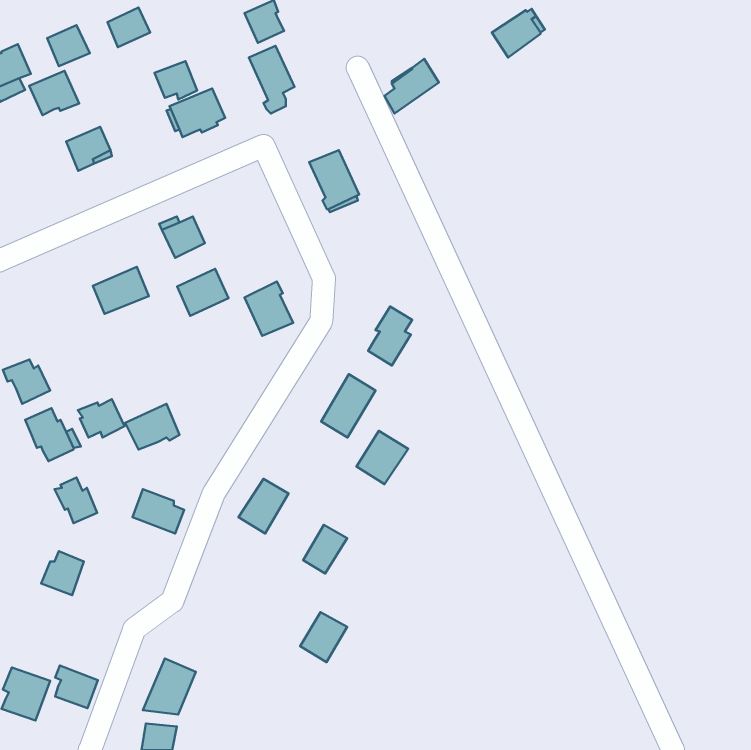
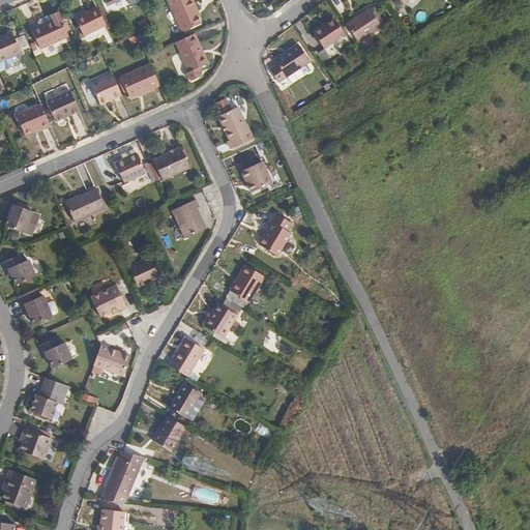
building: none -> [312,18,344,47]
building: [155,61,197,99] -> [90,73,120,100]
building: [29,71,79,115] -> [14,102,50,134]
building: none -> [241,160,271,188]
building: [177,269,229,316] -> [153,146,189,179]
building: none -> [5,202,32,231]
building: none -> [128,255,159,283]
building: [78,399,125,438] -> none
building: [357,431,408,484] -> [202,301,238,338]
building: [303,525,347,574] -> [169,382,200,416]
building: [300,612,347,662] -> [152,415,185,450]
building: none -> [116,449,144,472]
building: [55,666,98,708] -> [20,428,50,458]

